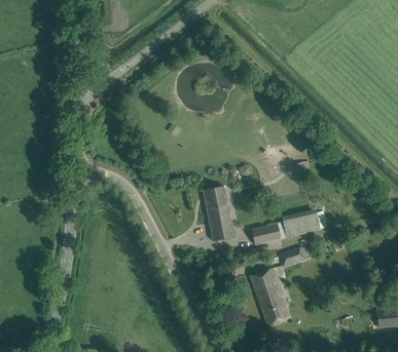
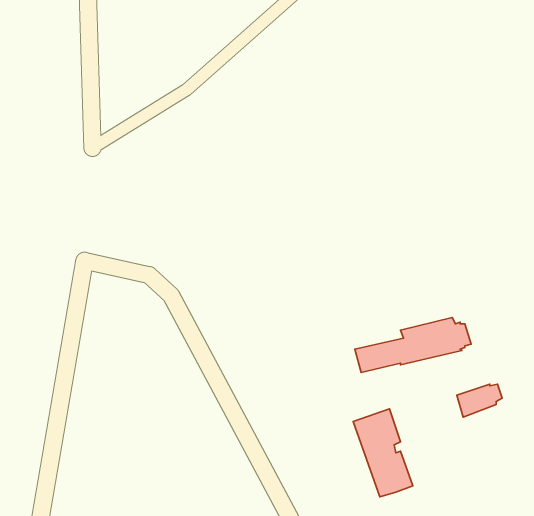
building: [204,186,234,241] -> none
building: [280,246,310,268] -> [457,384,502,417]

